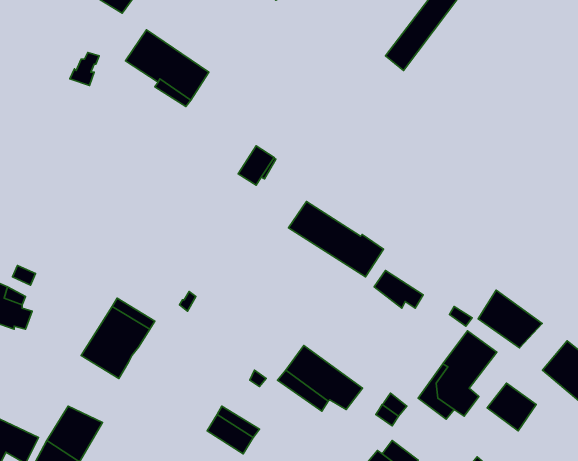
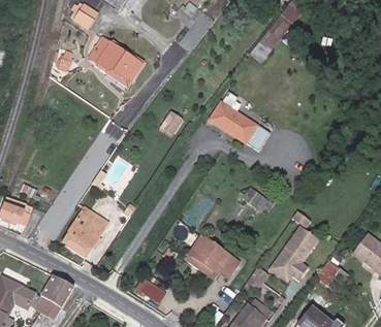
building: [289,202,383,277] -> [210,102,269,150]
building: [478,290,542,348] -> none

